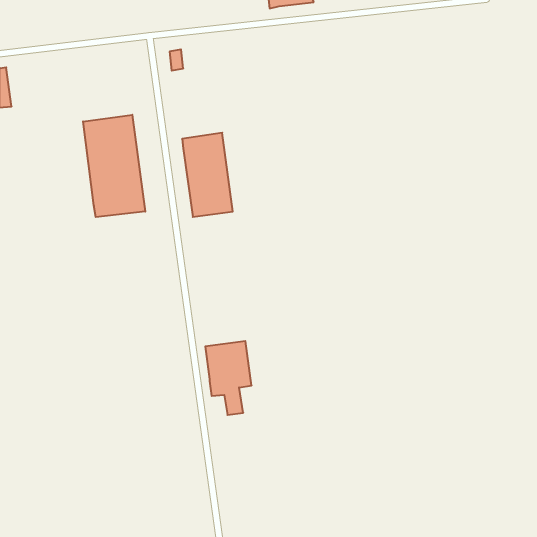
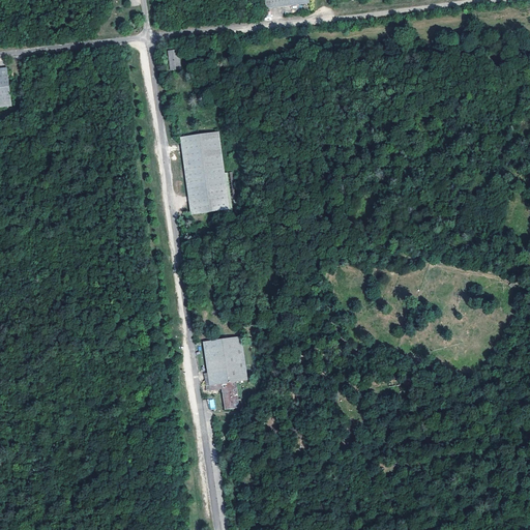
building: [83,115,145,217] -> none

